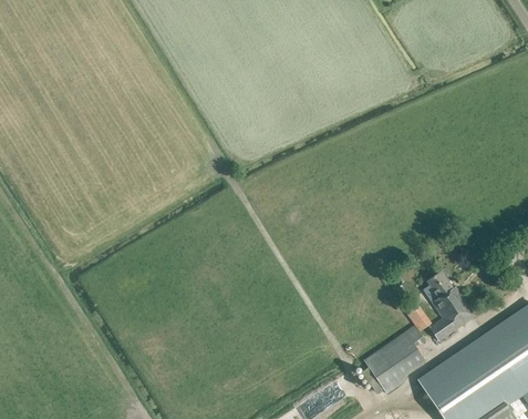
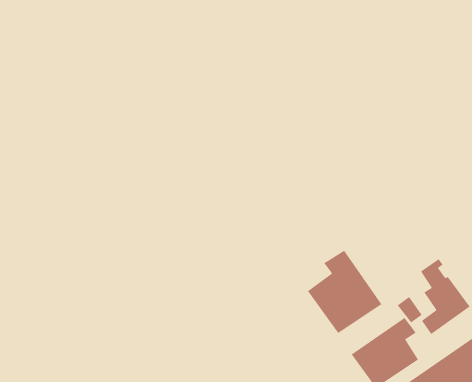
building: none -> [307,250,382,334]

